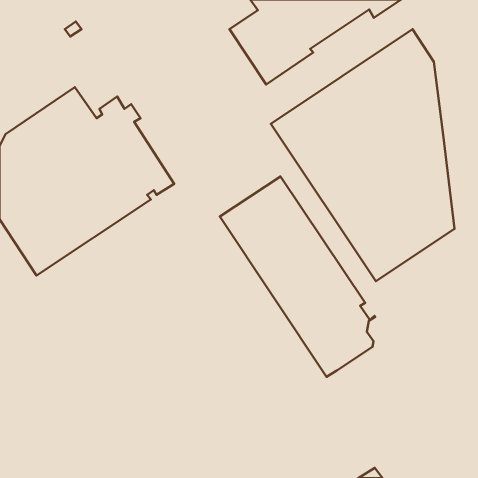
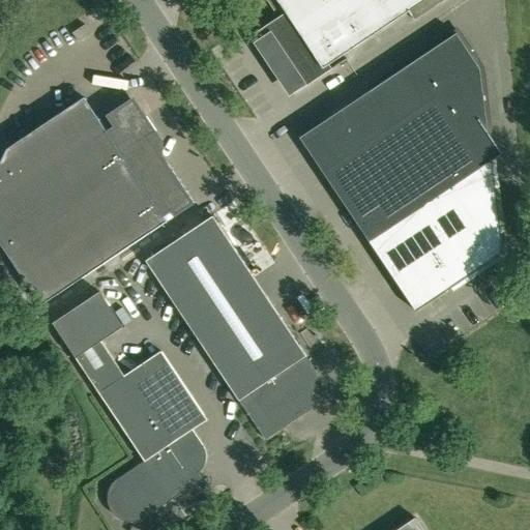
building: [220,176,375,377] -> [145,215,317,437]
building: none -> [52,291,206,521]

